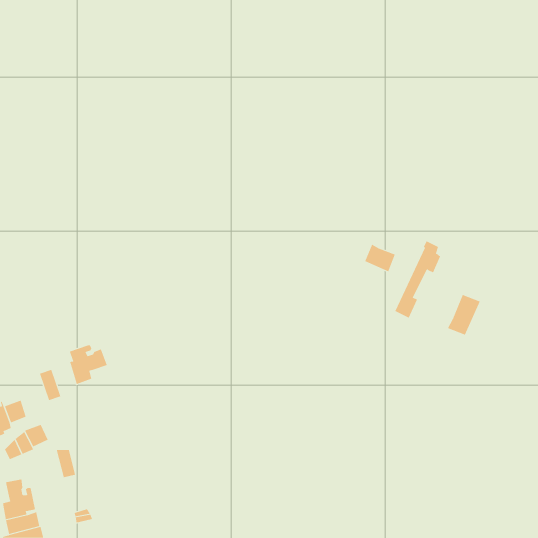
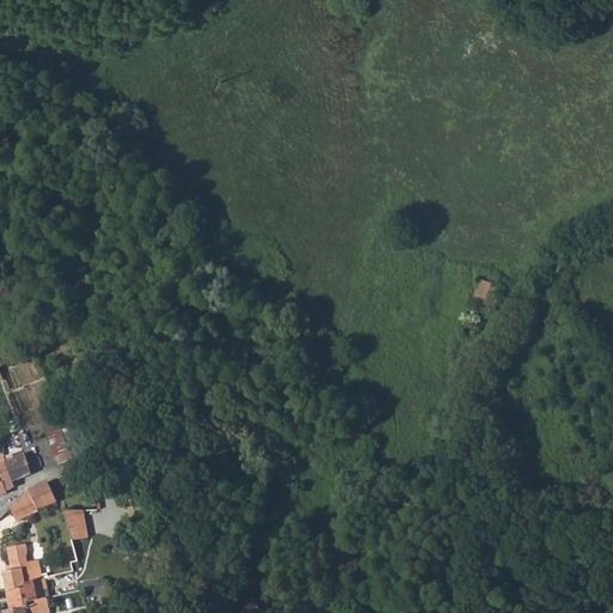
building: [365,244,396,272] -> none
building: [447,294,480,336] -> none
building: [69,344,107,385] -> none

